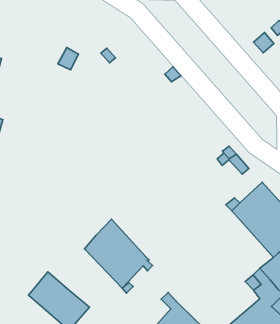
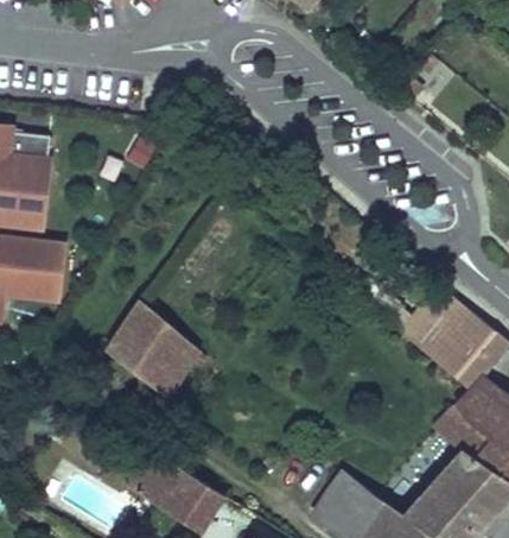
building: [84,219,152,288] -> [107,300,205,395]

